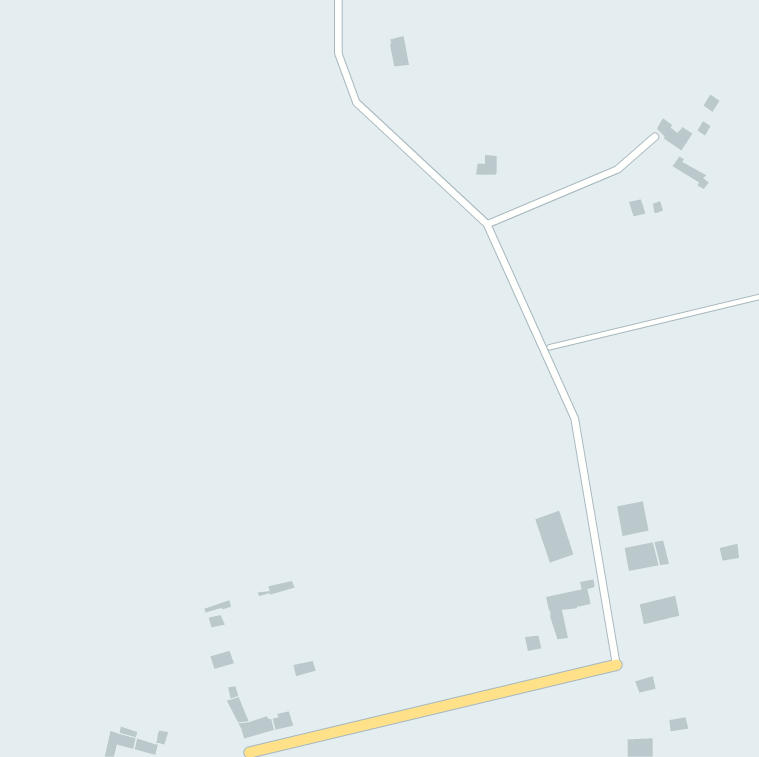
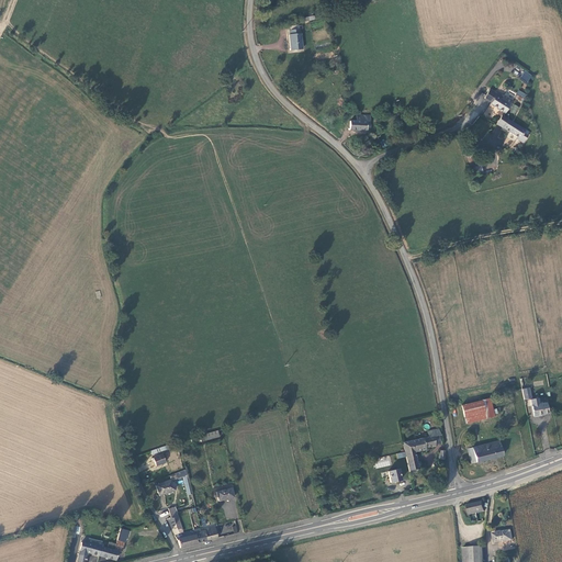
building: [616,500,649,537] -> none
building: [535,510,574,564] -> none

